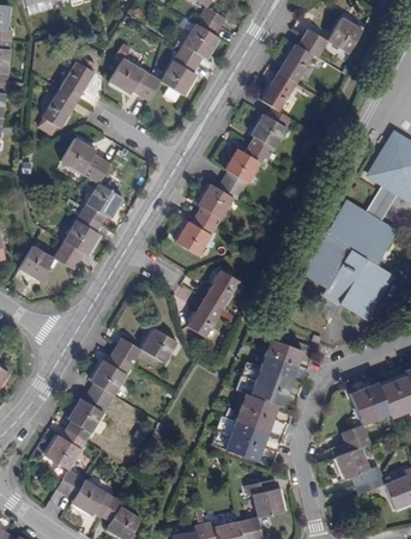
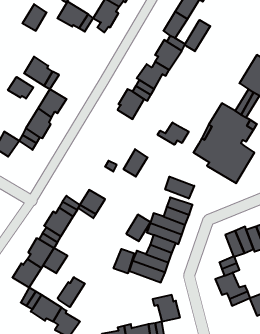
building: none -> [185,20,210,51]
building: [42,89,78,127] -> none
building: none -> [8,77,33,99]
building: [175,213,217,256] -> none
building: none -> [158,122,189,145]
building: [187,298,222,337] -> [126,215,150,241]
building: none -> [165,177,194,199]
building: none -> [43,248,67,273]
building: none -> [114,249,134,273]
building: none -> [58,277,85,307]

